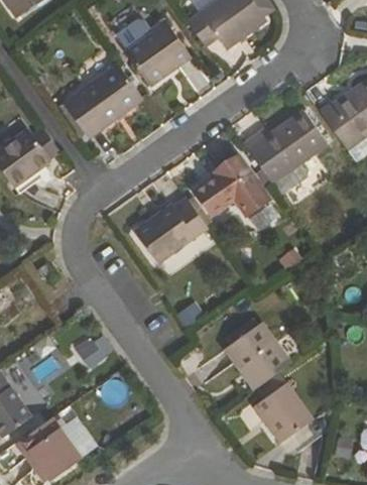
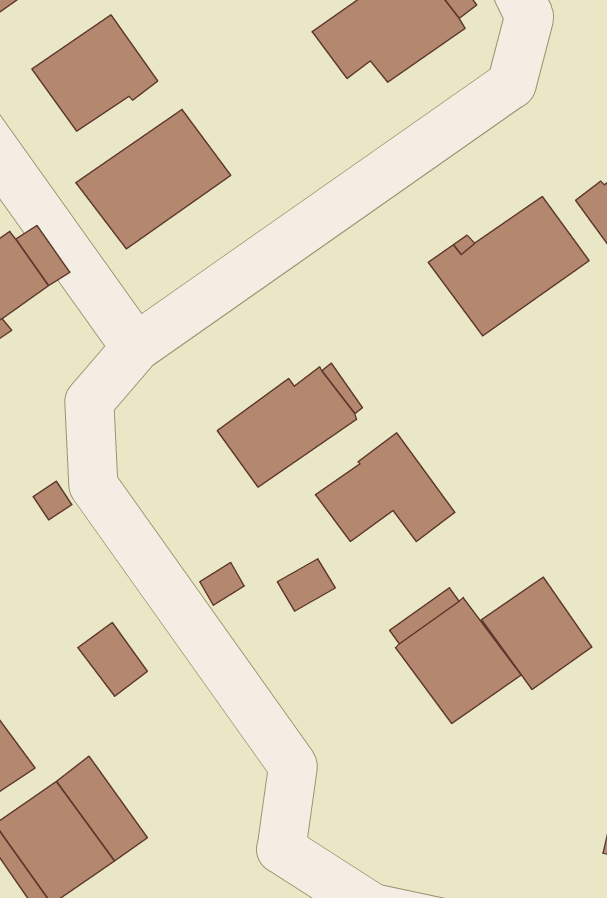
building: [121,24,187,85] -> [32,15,158,131]
building: [196,157,268,214] -> [315,433,455,541]
building: [255,379,313,438] -> [481,577,592,689]

